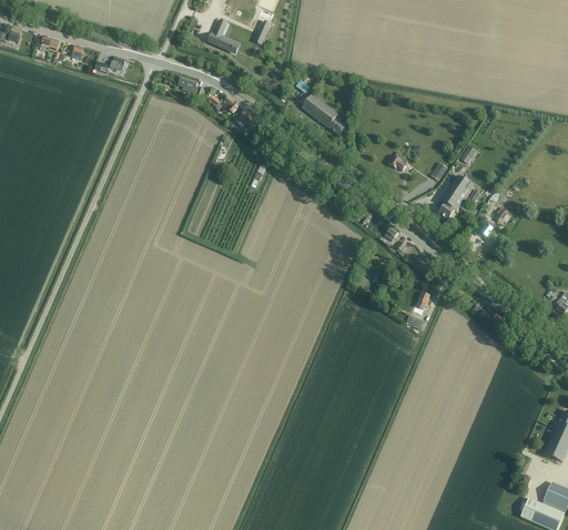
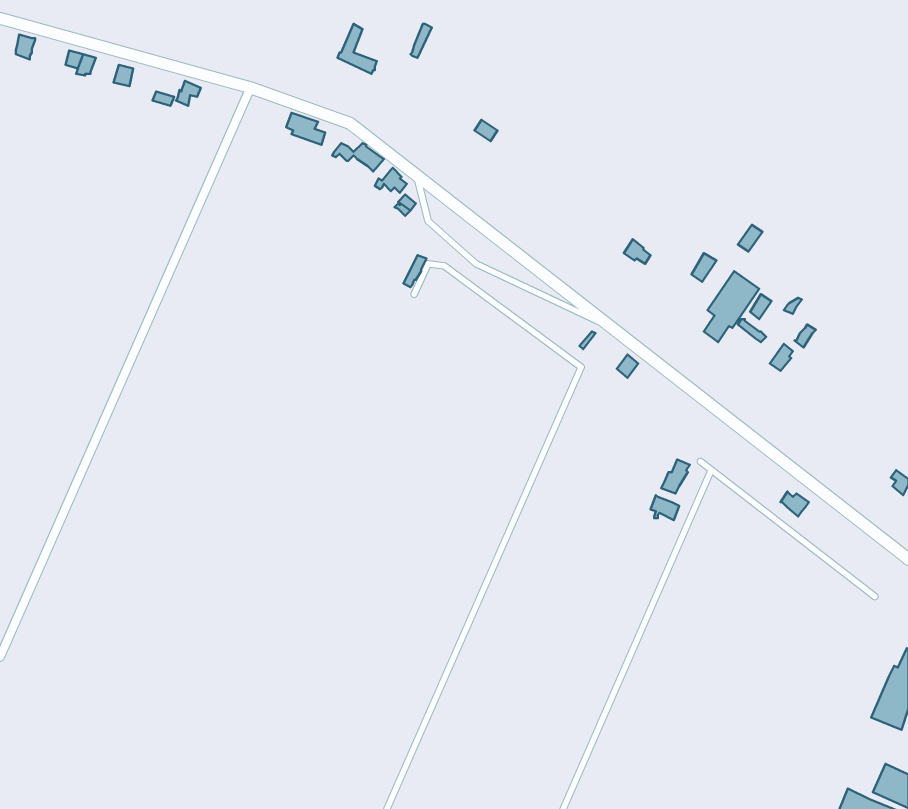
building: [302,90,345,134] -> none

